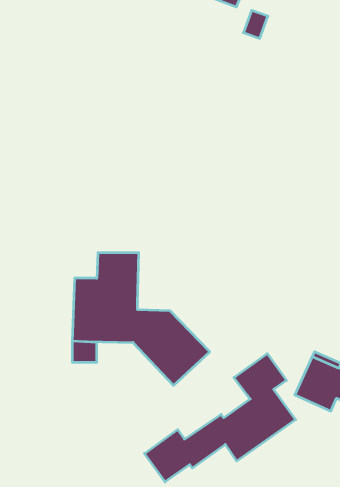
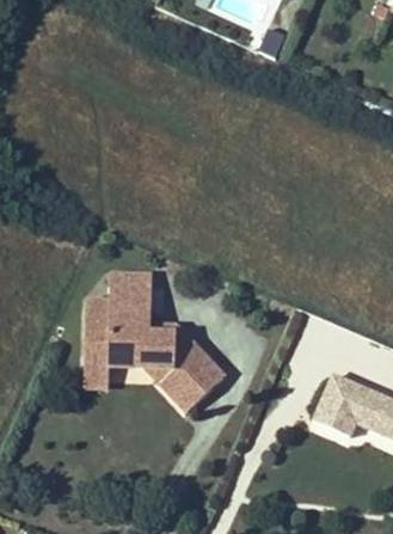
building: [144,354,296,482] -> none

